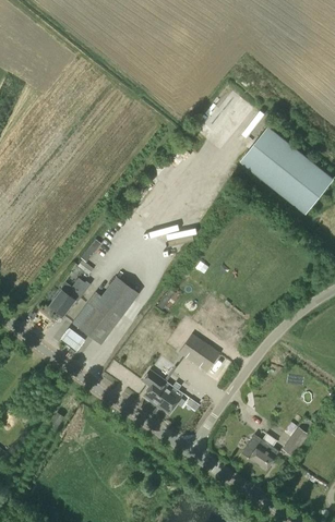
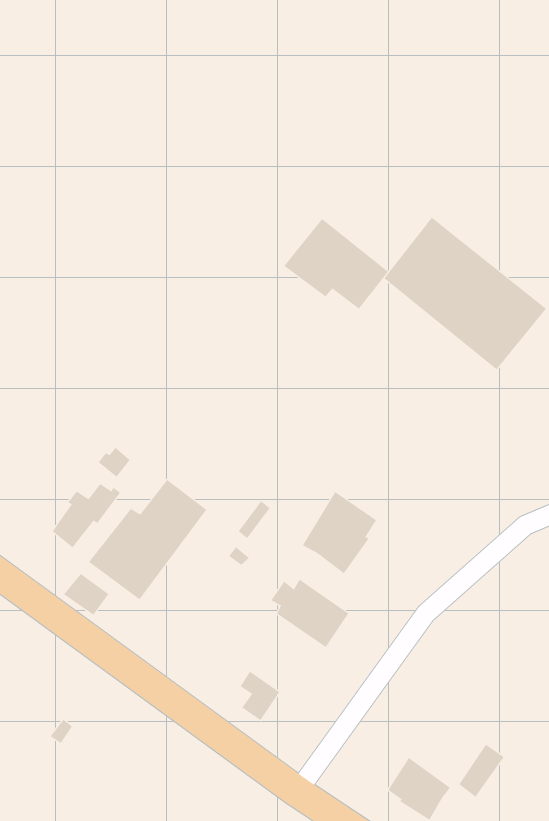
building: none -> [283,218,389,310]
building: none -> [302,491,377,574]
building: [142,369,167,405] -> none

